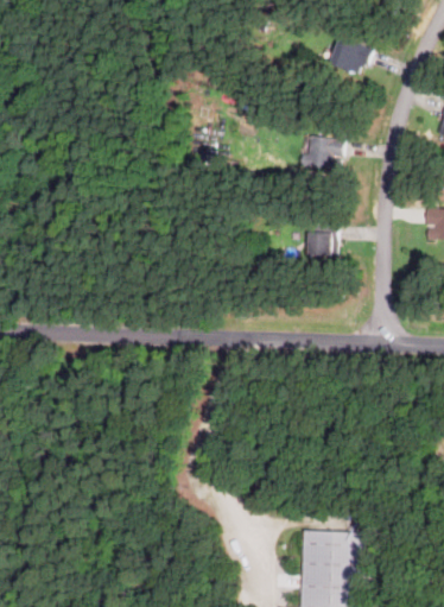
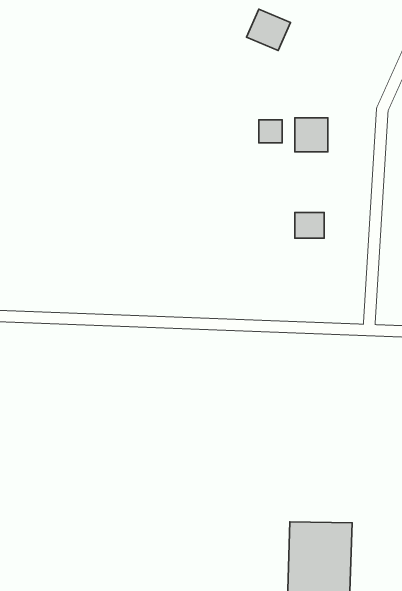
building: [329,37,372,77] -> [247,9,290,50]
building: none -> [259,120,282,143]

